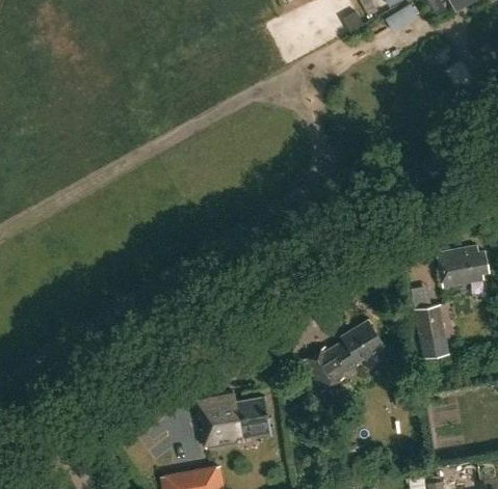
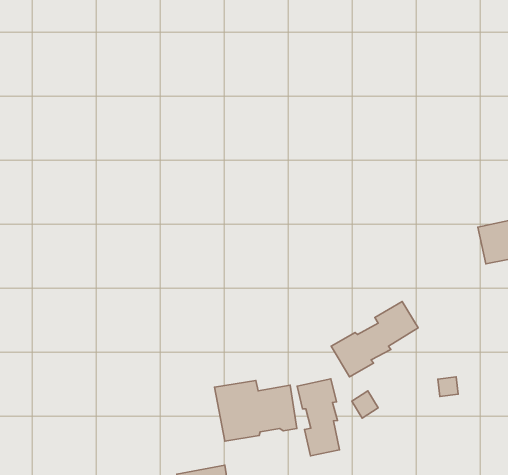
building: [414,303,449,357] -> none
building: none -> [297,379,340,456]

